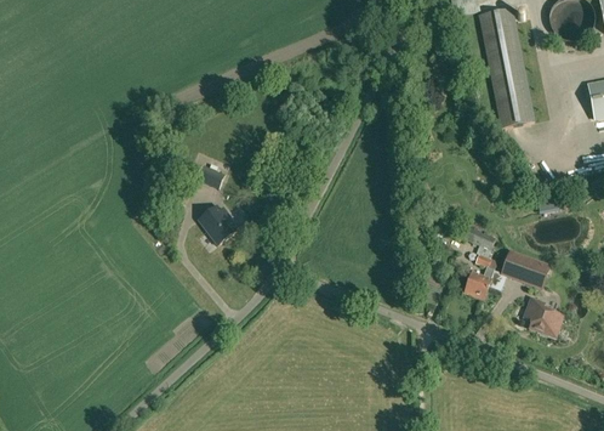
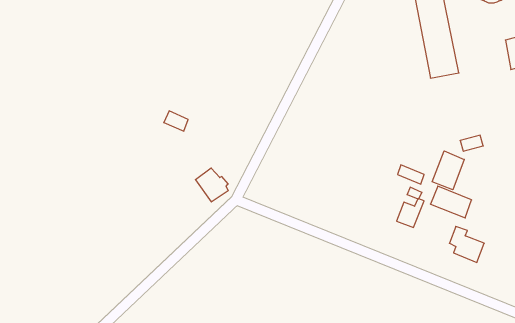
building: [199,204,237,243] -> [195,168,228,202]
building: none -> [432,151,464,190]

